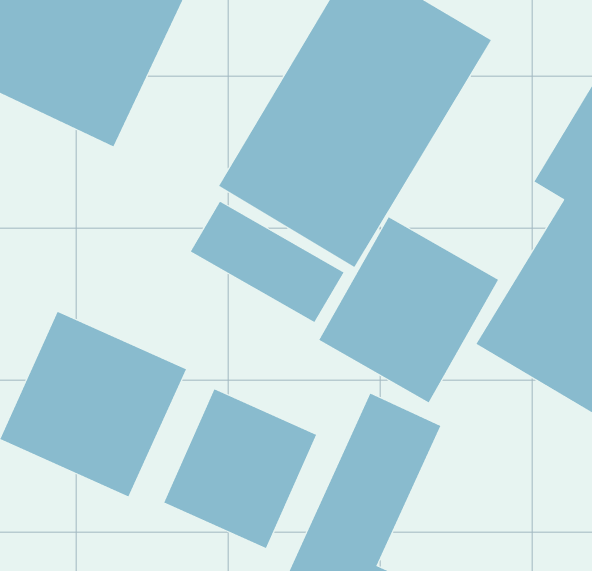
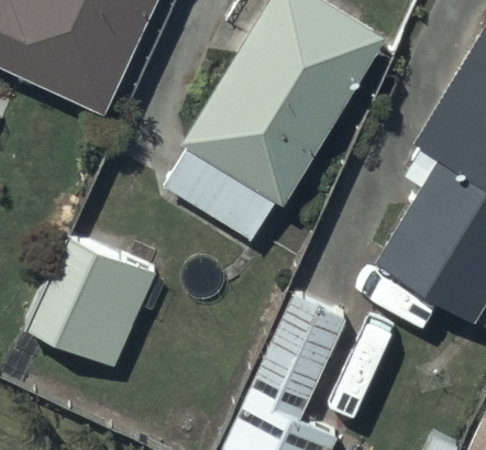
building: [319,216,499,403] -> none
building: [164,388,317,549] -> none

